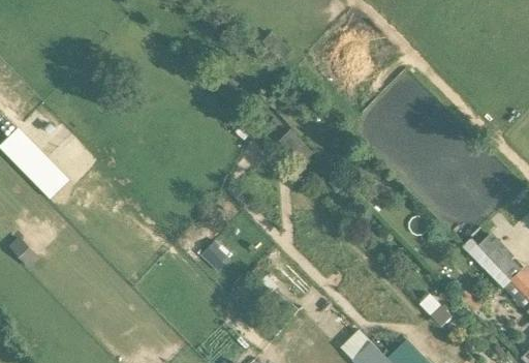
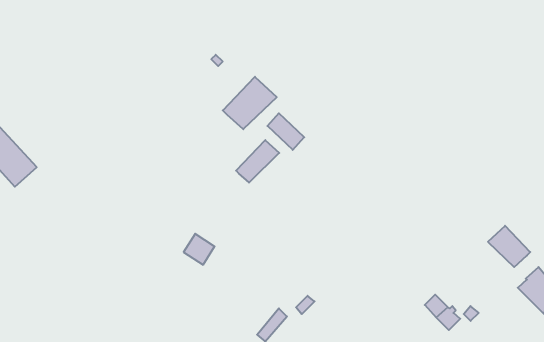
building: none -> [223,77,277,129]
building: none -> [236,140,279,183]

